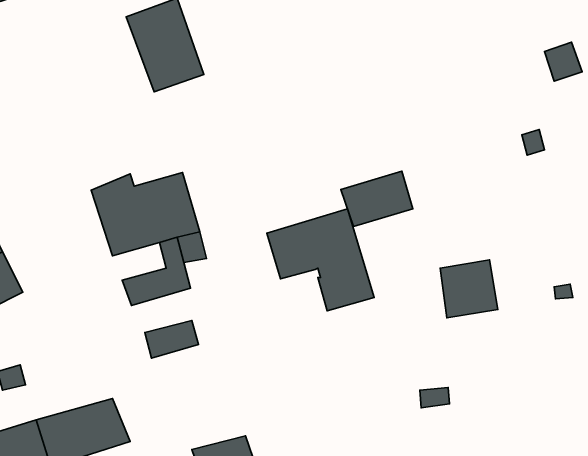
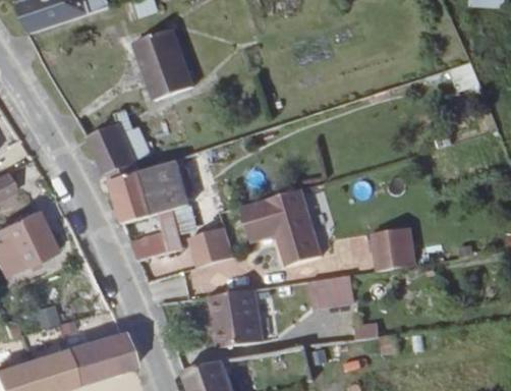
building: none -> [86,111,149,175]
building: [341,171,413,226] -> none
building: none -> [188,228,232,269]
building: none -> [307,276,353,310]
building: none -> [209,291,262,348]

